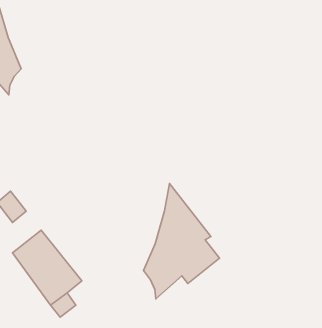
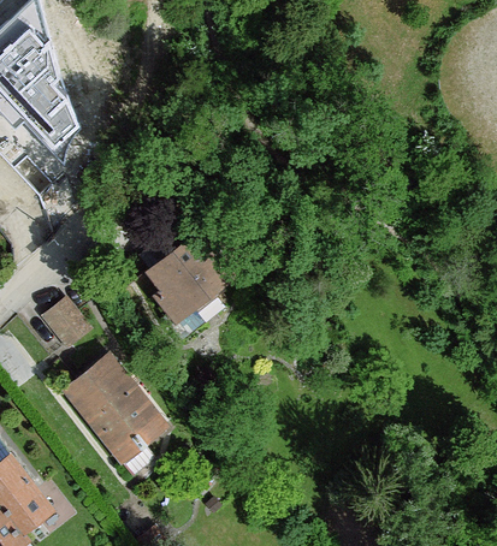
building: none -> [149,227,237,322]
building: [144,183,219,299] -> none

